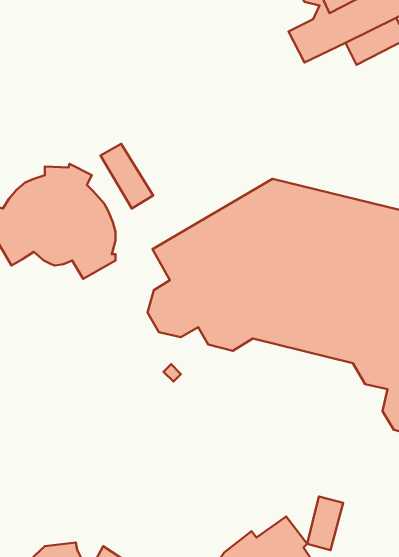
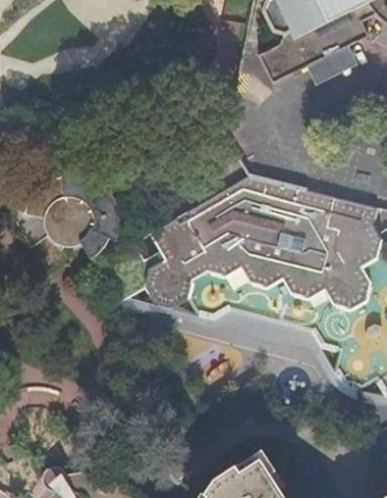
building: [100,144,153,209] -> none
building: [307,496,343,550] -> none

